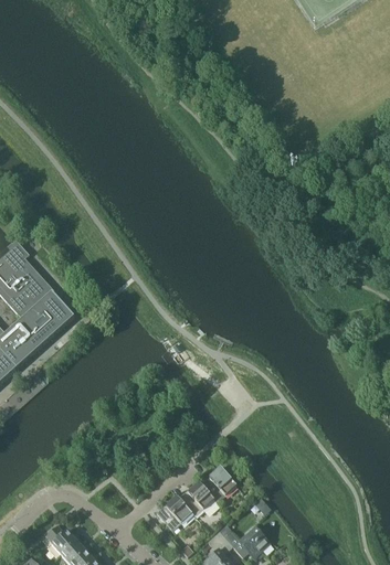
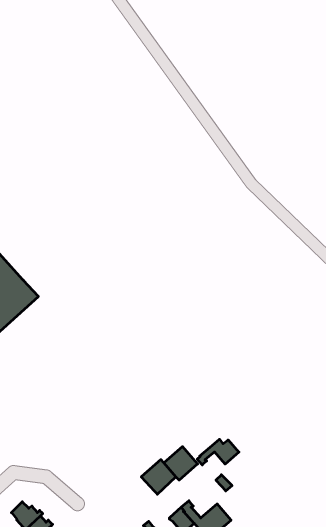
building: none -> [197,439,239,465]
building: [158,494,192,529] -> none

